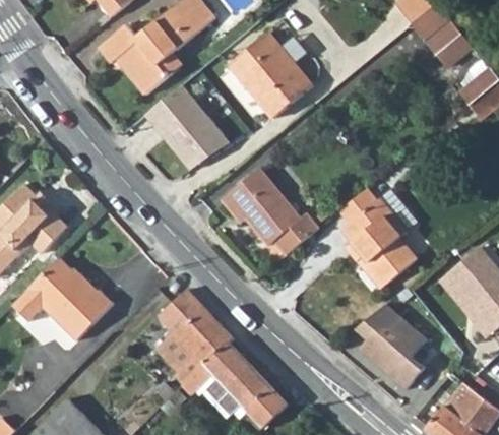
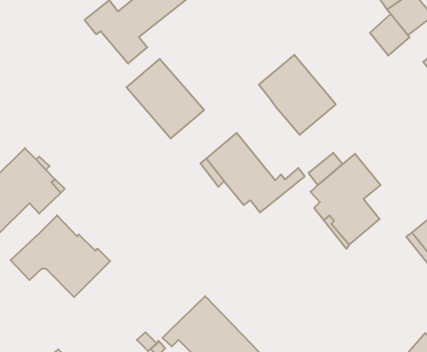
building: [229,32,311,117] -> [259,55,336,135]
building: none -> [370,14,410,56]
building: [155,291,232,381] -> none
building: [351,307,424,392] -> none

